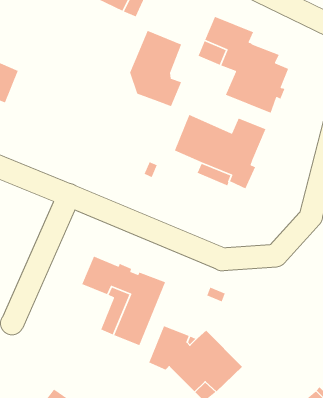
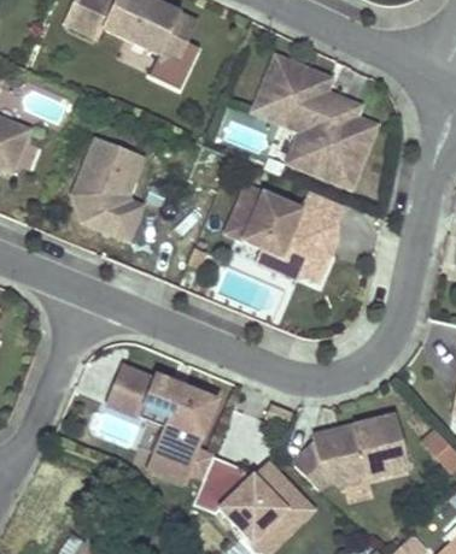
building: [129,30,182,107] -> [74,137,141,236]
building: none -> [293,413,409,487]

